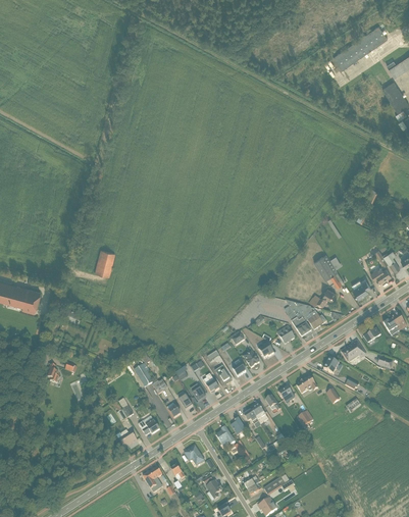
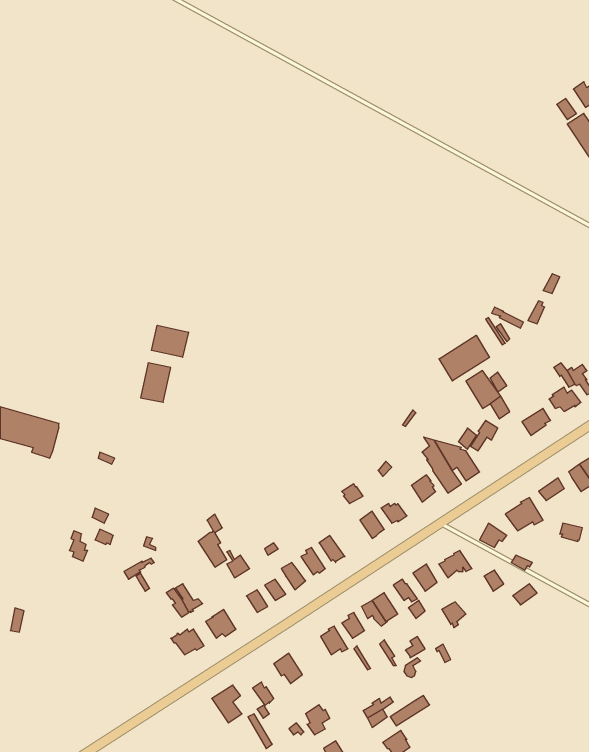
building: [333,24,388,69] -> none
building: none -> [151,325,188,357]
building: none -> [439,335,489,381]

